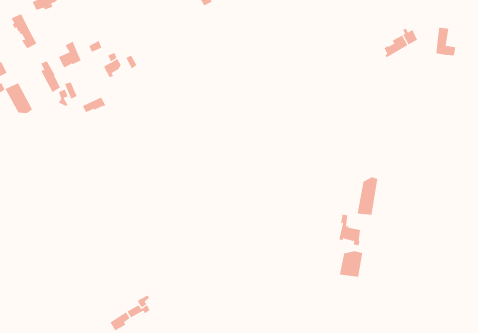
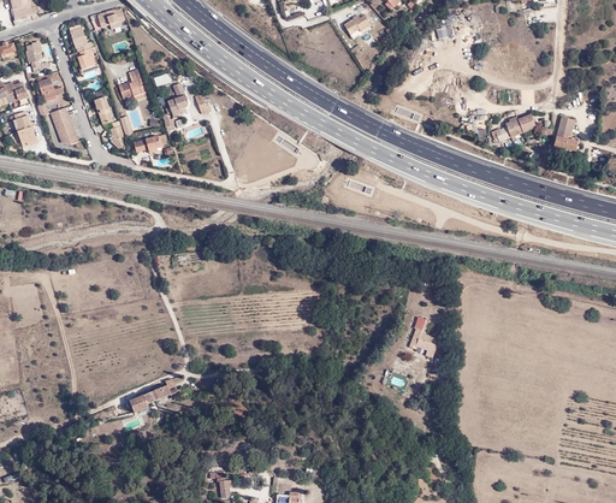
building: [357,176,378,216] -> none
building: [340,250,363,277] -> none

